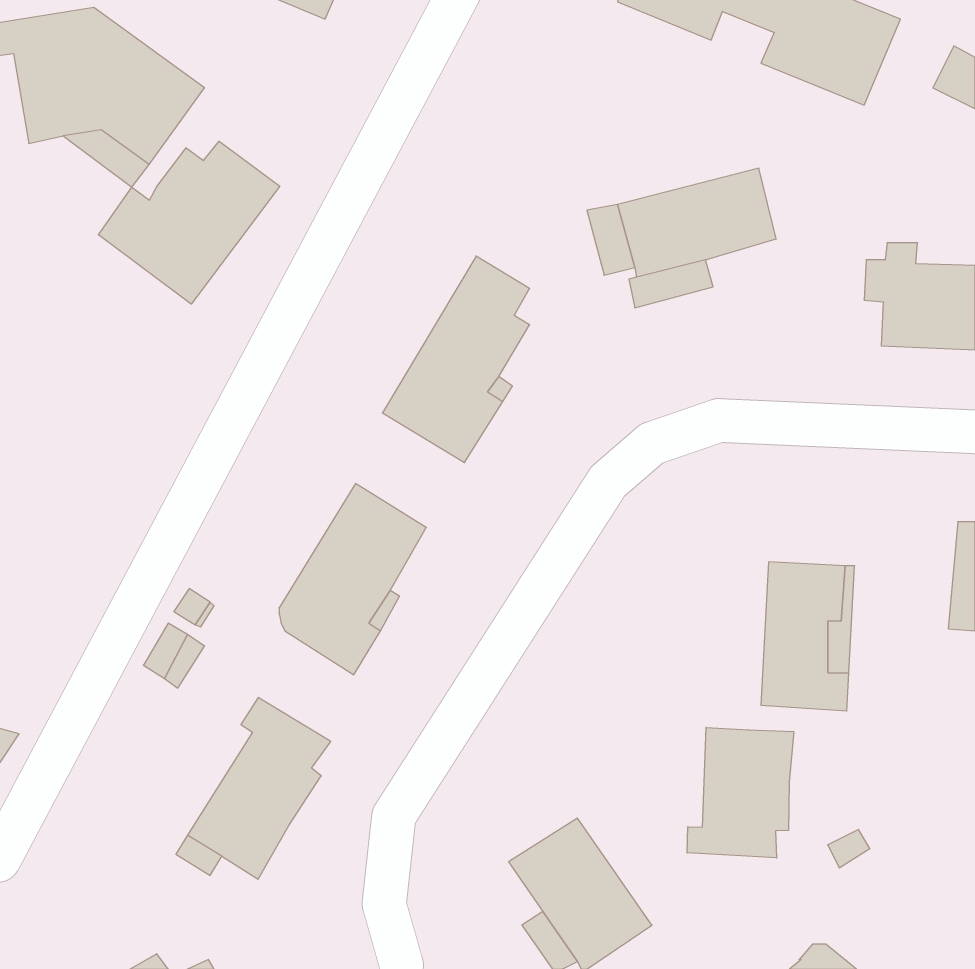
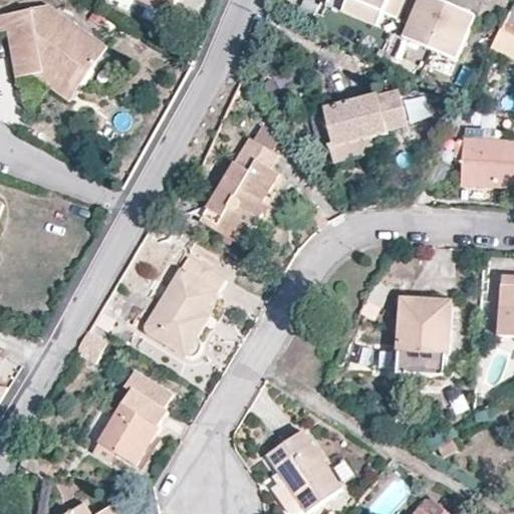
building: [98,141,280,304] -> none
building: [687,727,794,858] -> none

